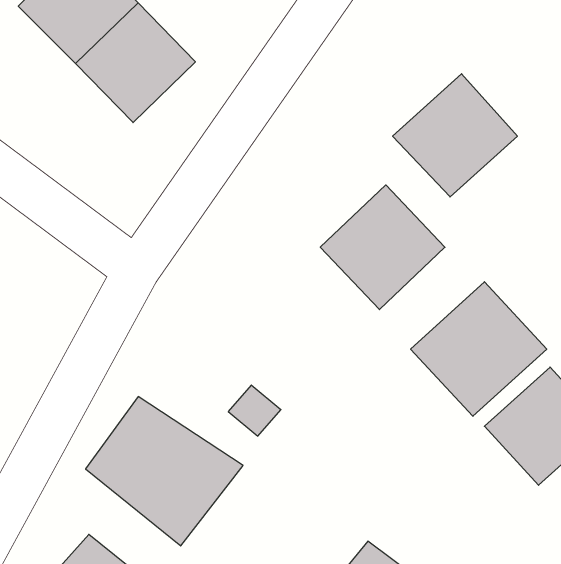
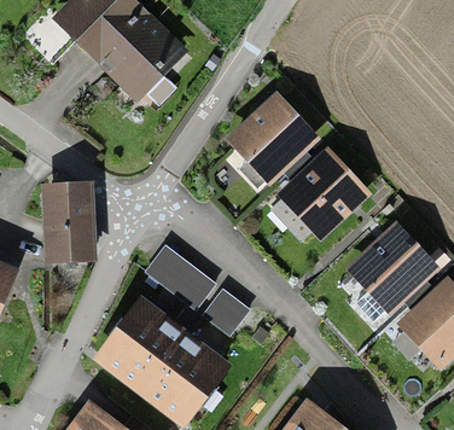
building: [393,74,517,197] -> [222,93,314,184]
building: none -> [47,188,91,261]
building: none -> [149,245,216,308]

